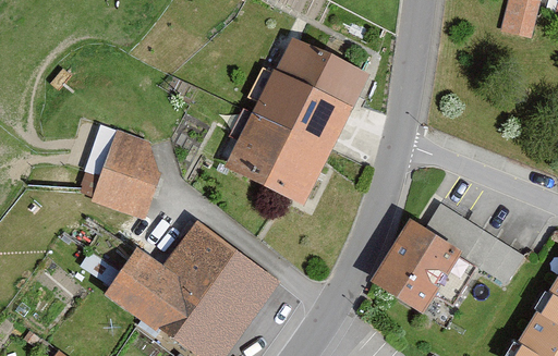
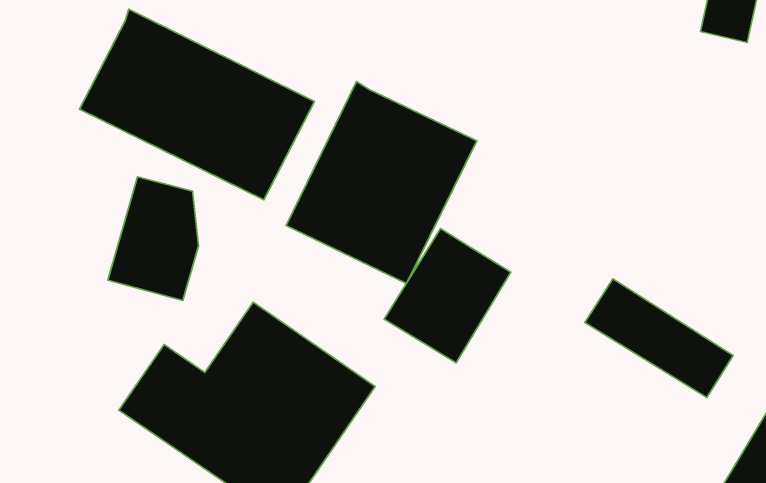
building: none -> [79,9,314,200]
building: [276,38,366,107] -> none
building: [366,220,454,314] -> [384,228,511,363]

